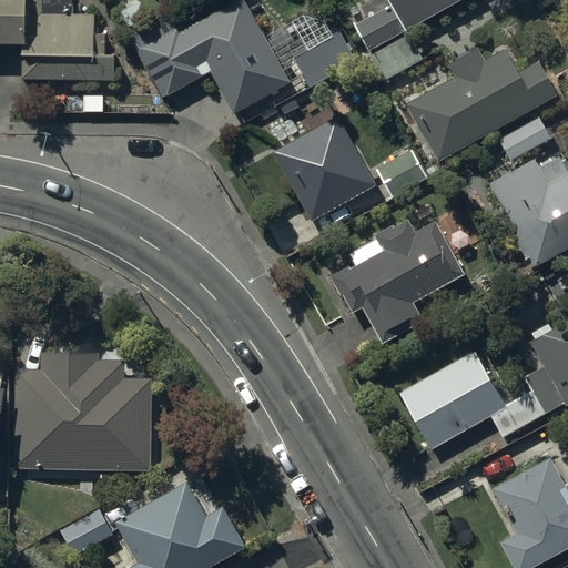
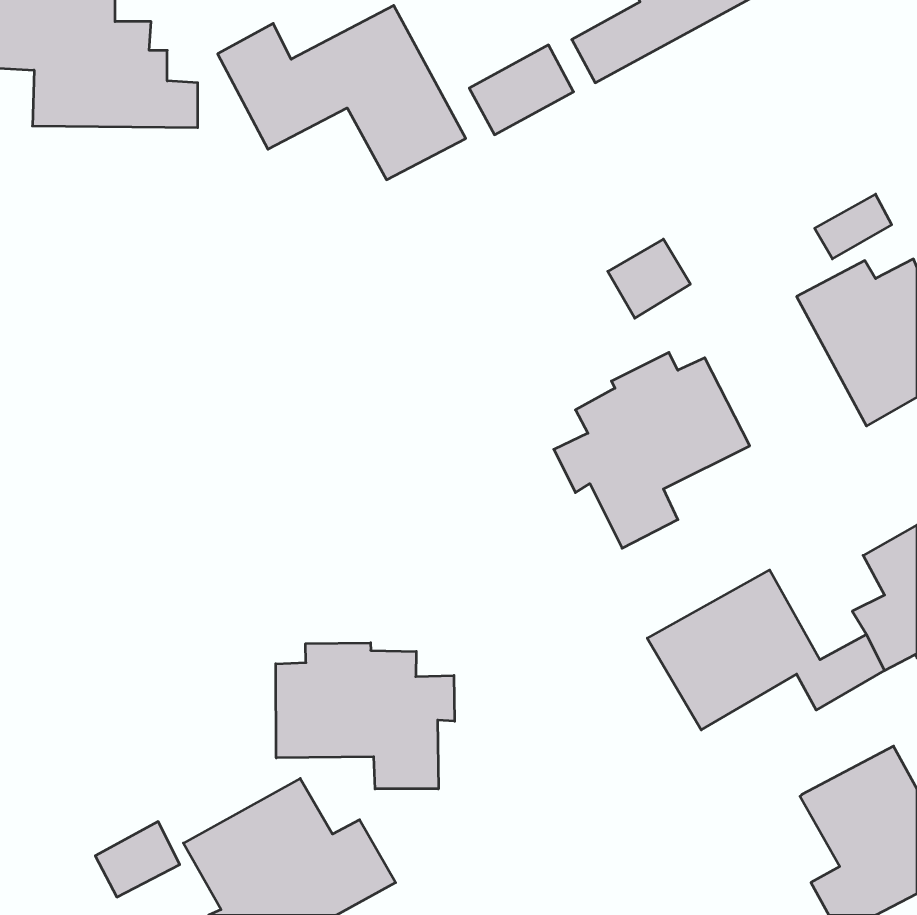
building: [408,52,554,160] -> none
building: [277,121,374,221] -> none
building: [13,352,149,468] -> none
building: none -> [276,643,455,789]

